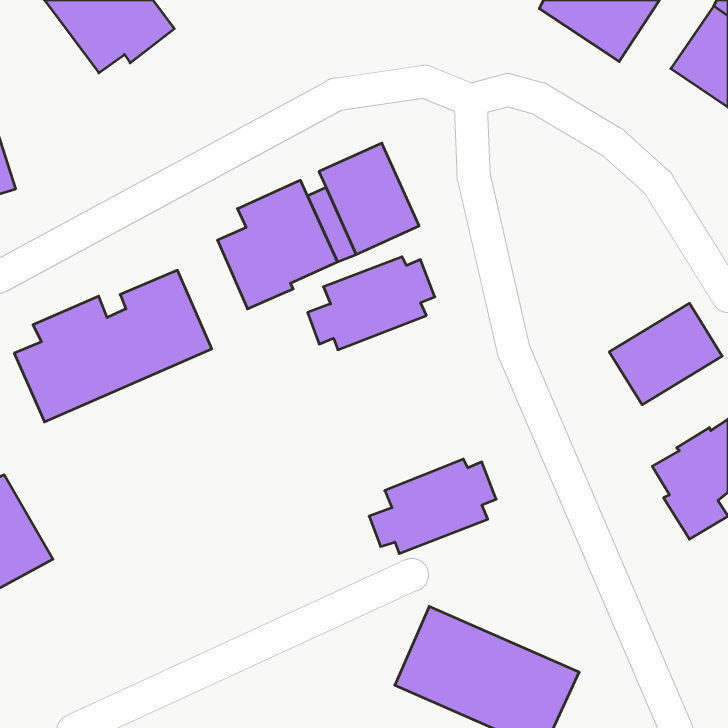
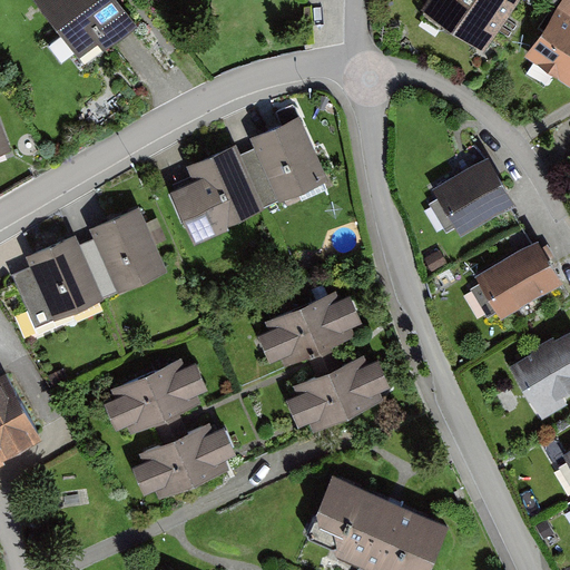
building: none -> [432,155,515,235]
building: [308,257,435,350] -> [257,296,356,368]
building: none -> [107,360,206,433]
building: none -> [129,426,229,500]

